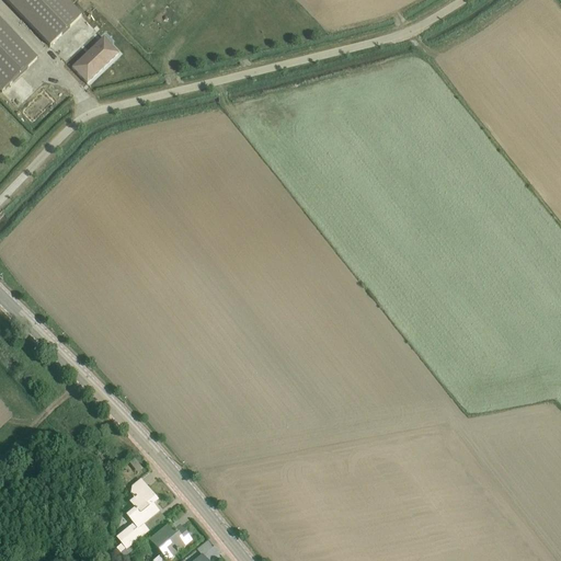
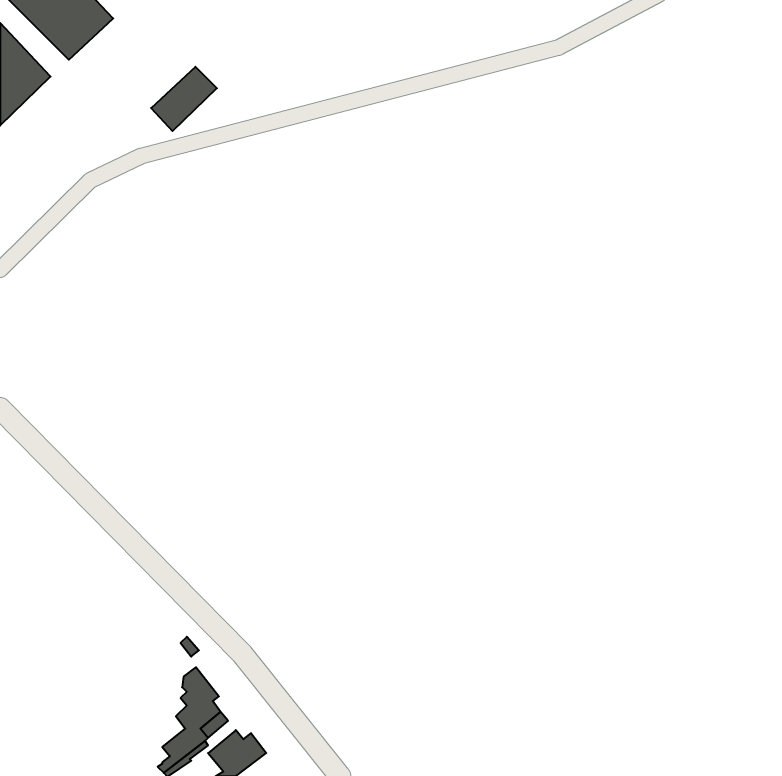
building: [71,35,118,81] -> [151,67,217,131]

